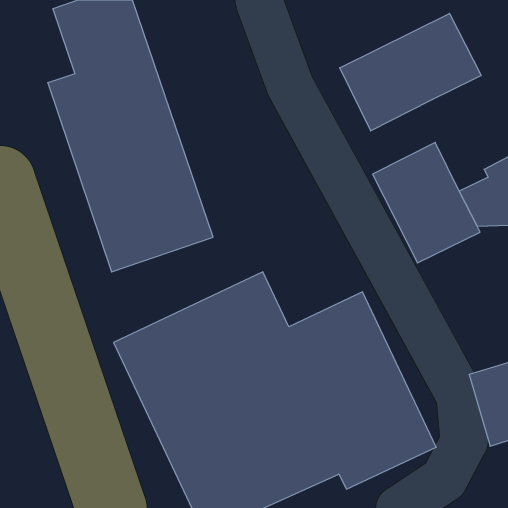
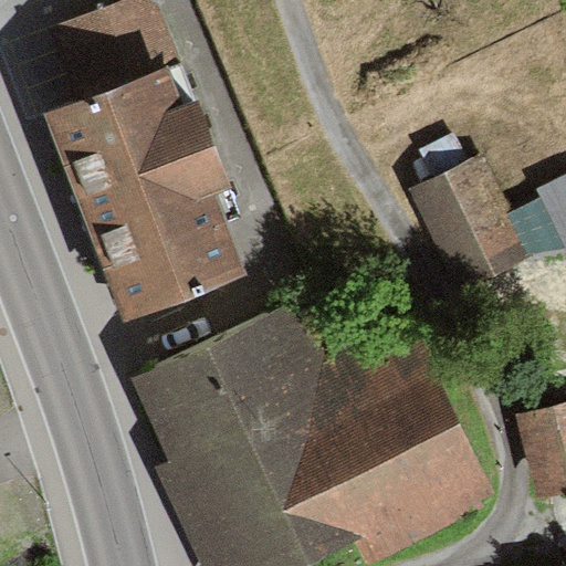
building: [340,13,481,131] -> none

